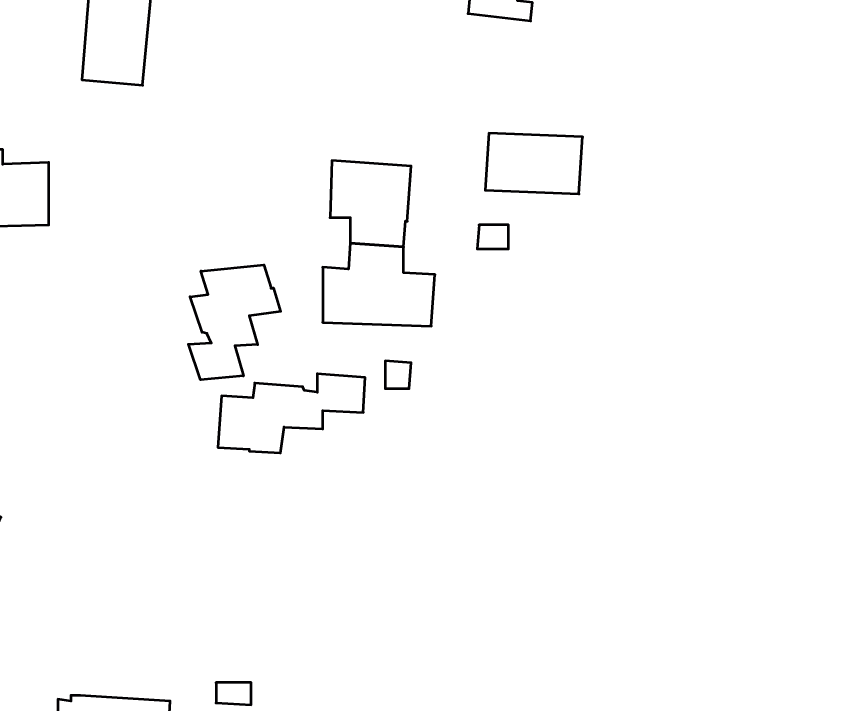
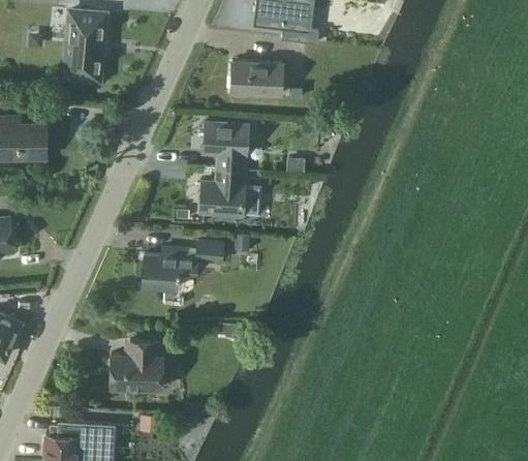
building: [485,133,583,194] -> [230,61,285,95]
building: [188,265,281,380] -> none
building: none -> [111,340,165,390]

